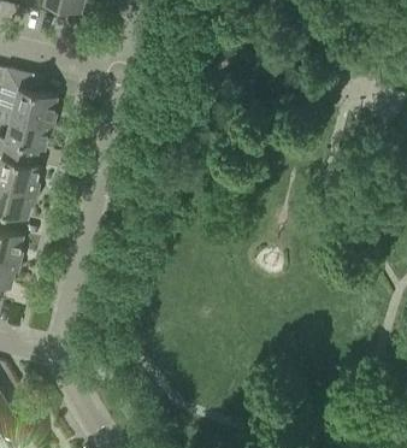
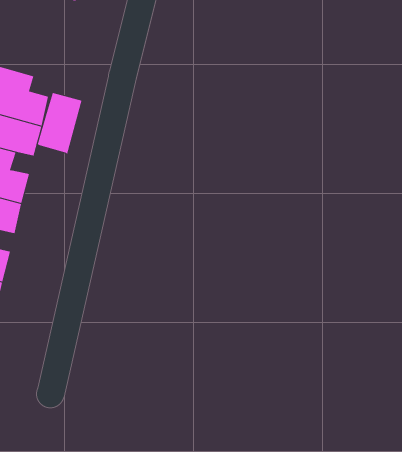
building: none -> [37,92,82,155]

